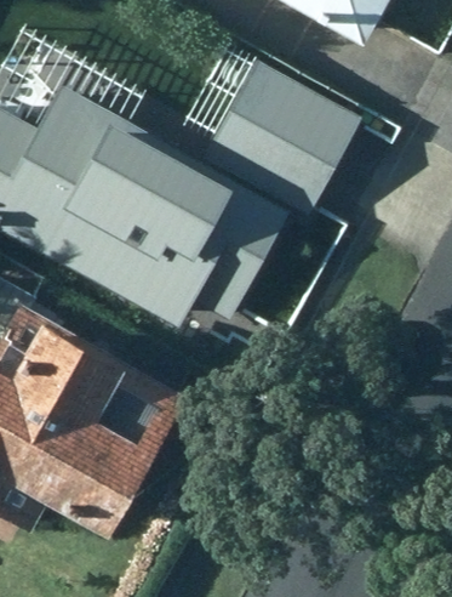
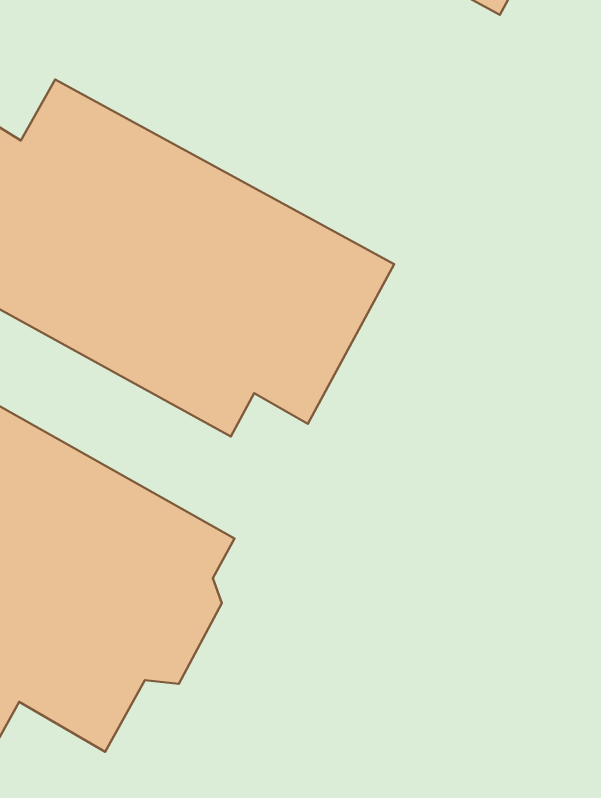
building: [201,53,357,207] -> none

